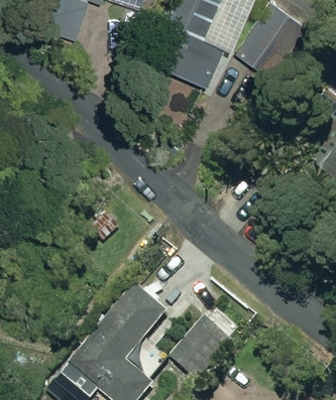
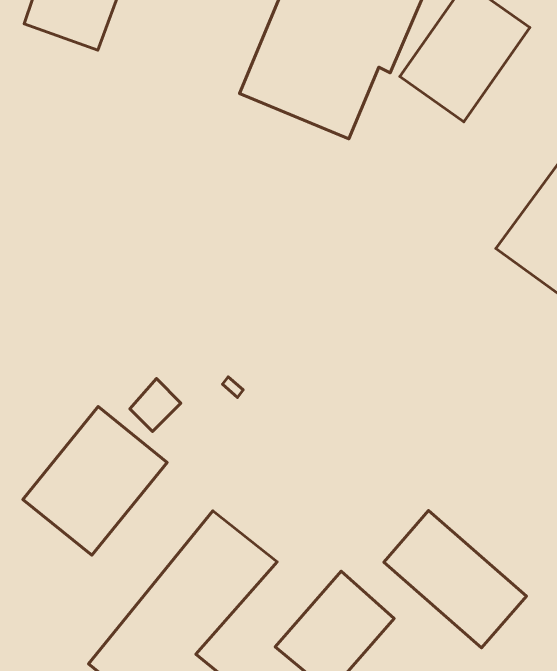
building: none -> [23,407,167,555]
building: none -> [384,511,526,648]

